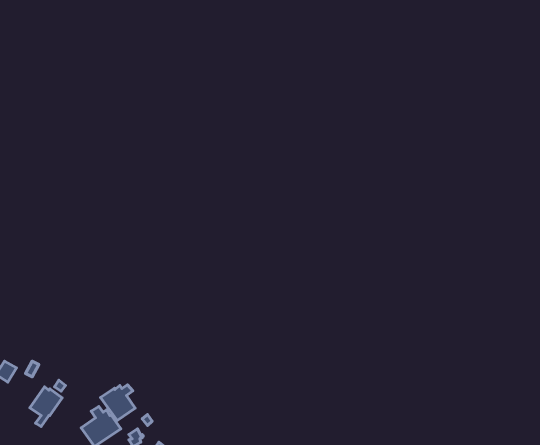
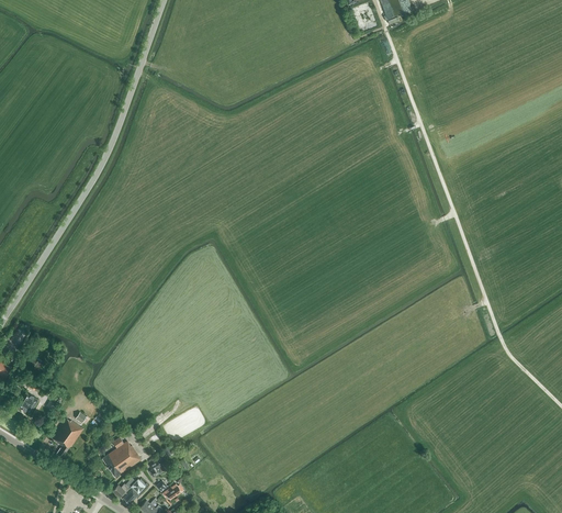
building: [101,385,135,421] -> none

